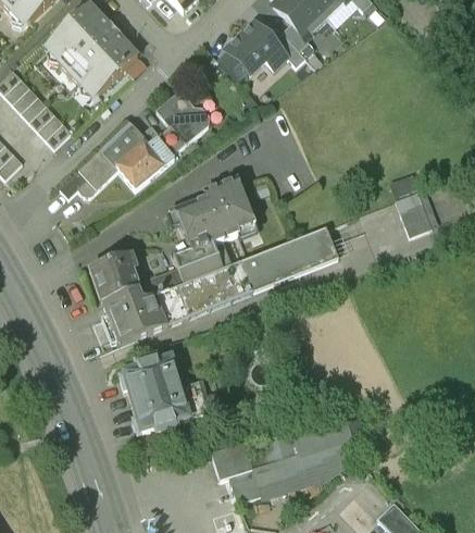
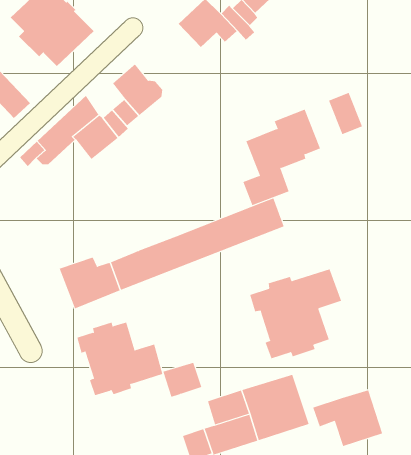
building: [174,183,255,284] -> [242,109,321,206]
building: [396,193,432,237] -> [328,92,363,135]
building: [90,255,178,302] -> none
building: none -> [249,268,342,359]
building: none -> [313,389,383,447]
building: [211,443,252,480] -> [163,362,202,398]

